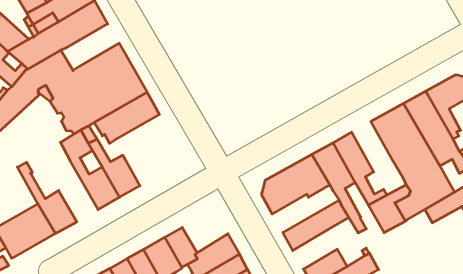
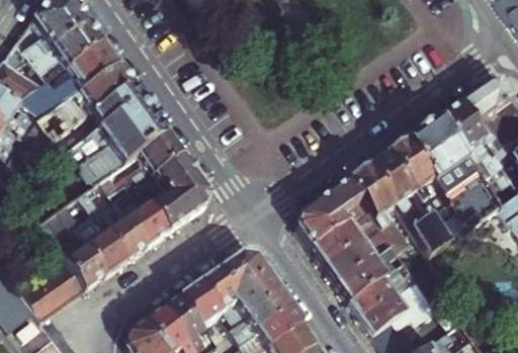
building: none -> [79,62,133,109]
building: none -> [138,152,207,229]
building: none -> [385,138,448,213]
building: none -> [60,199,127,273]
building: none -> [311,208,372,263]
building: none -> [218,253,266,293]
building: none -> [336,241,405,299]

